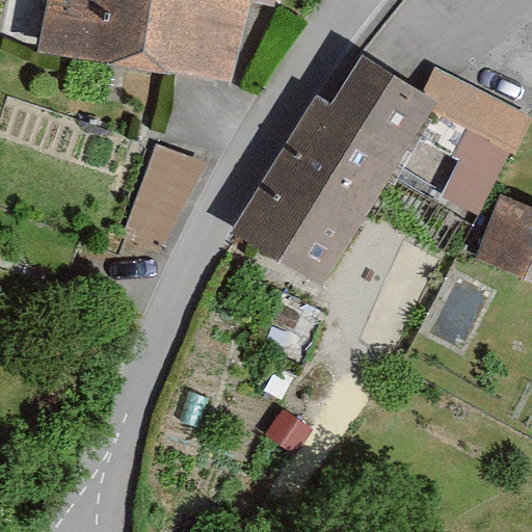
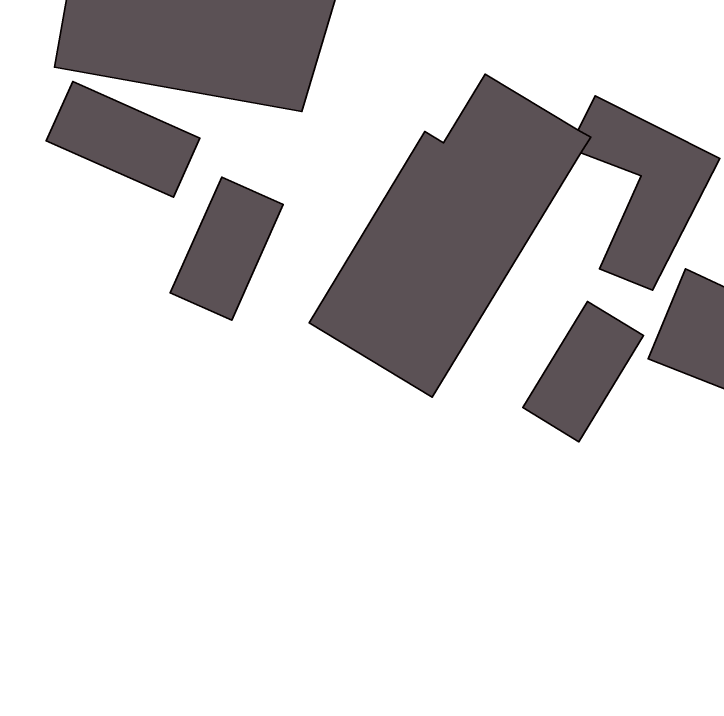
building: none -> [46,82,200,197]
building: none -> [523,301,644,442]

